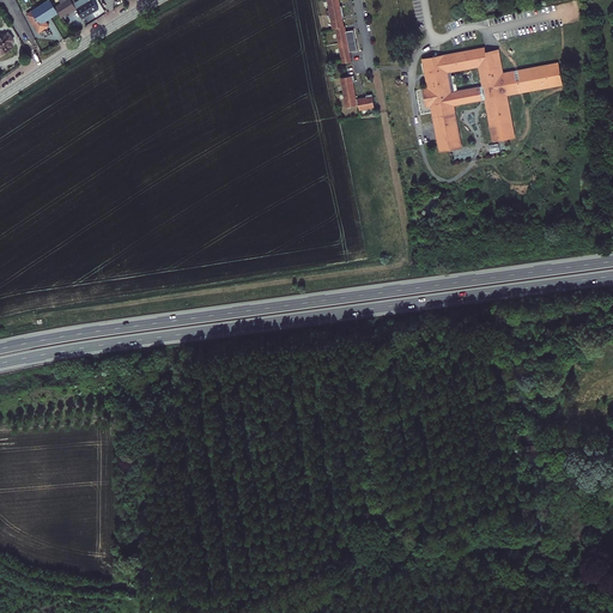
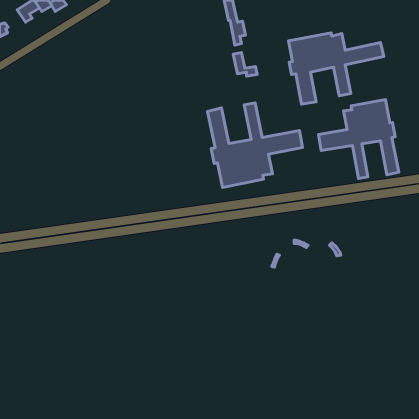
building: none -> [318,99,399,178]
building: none -> [208,103,302,188]

